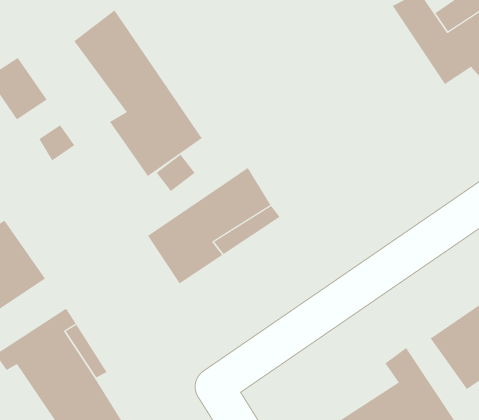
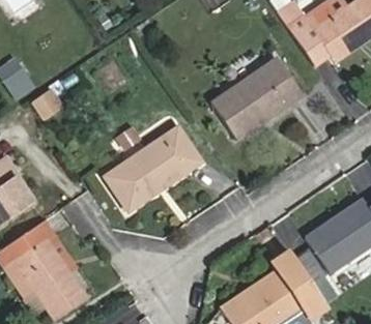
building: [74,10,203,177] -> none
building: none -> [215,57,304,139]

